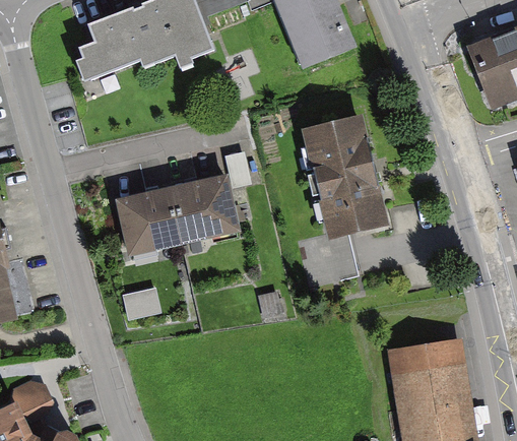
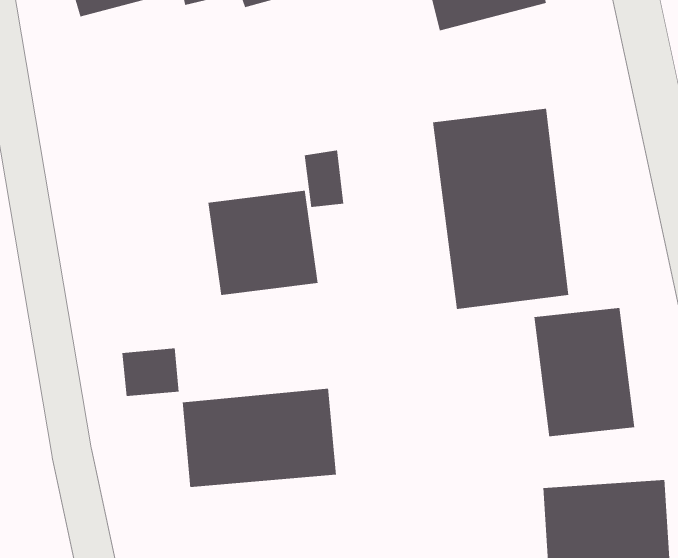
building: [114,189,181,257] -> none
building: none -> [534,307,635,437]
building: none -> [182,388,336,488]

